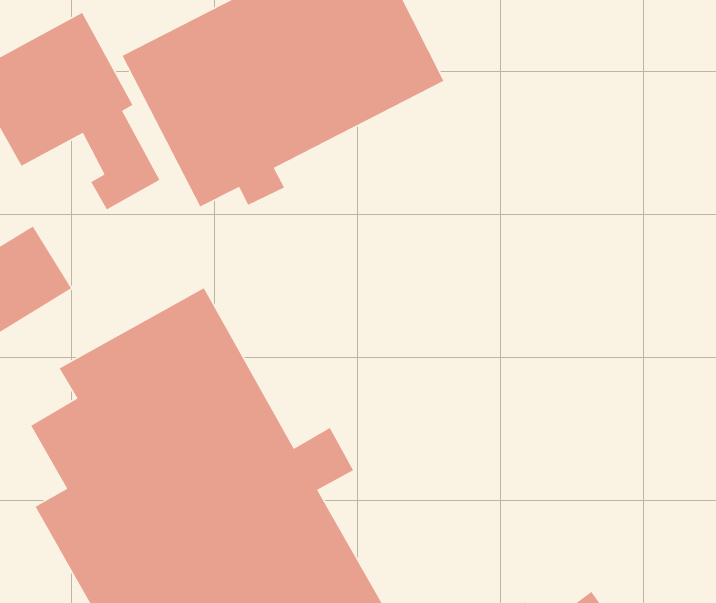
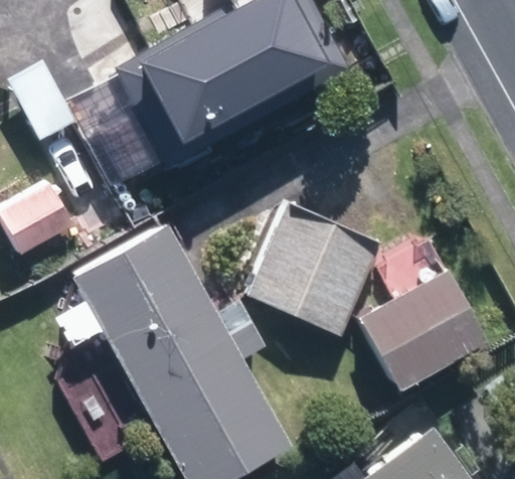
building: none -> [244,203,384,337]
building: none -> [359,272,490,392]

